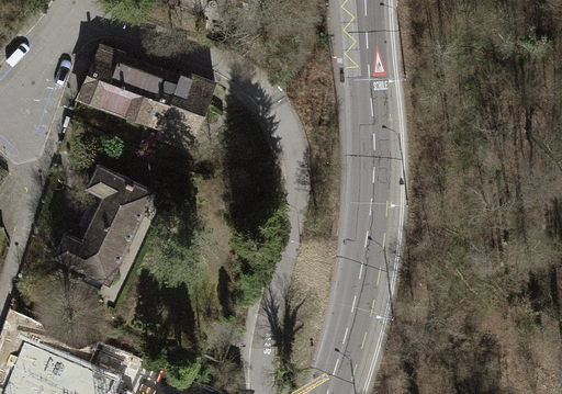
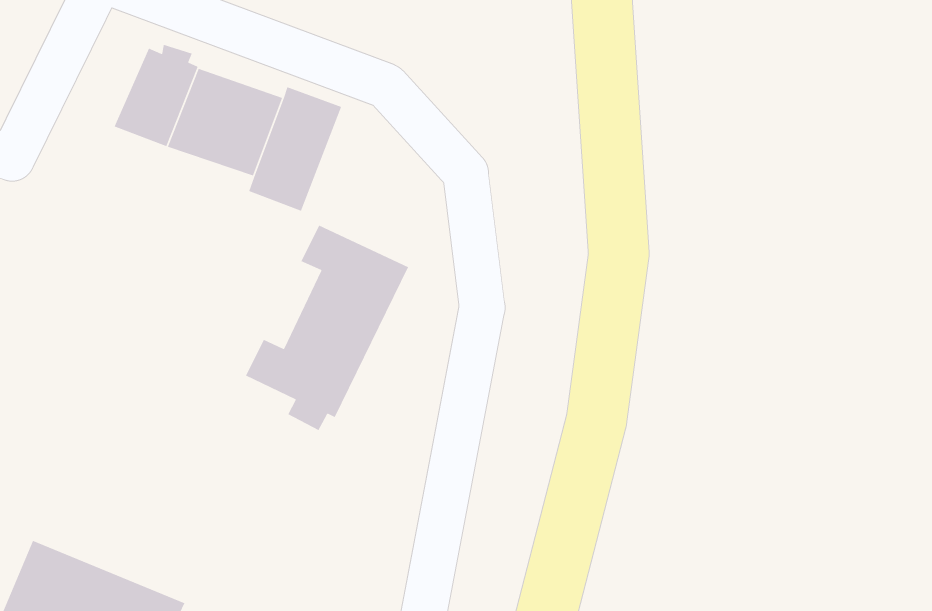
building: [55,165,153,288] -> [245,224,409,431]

